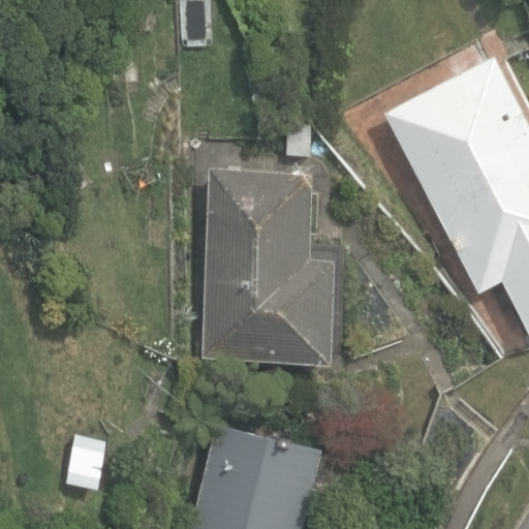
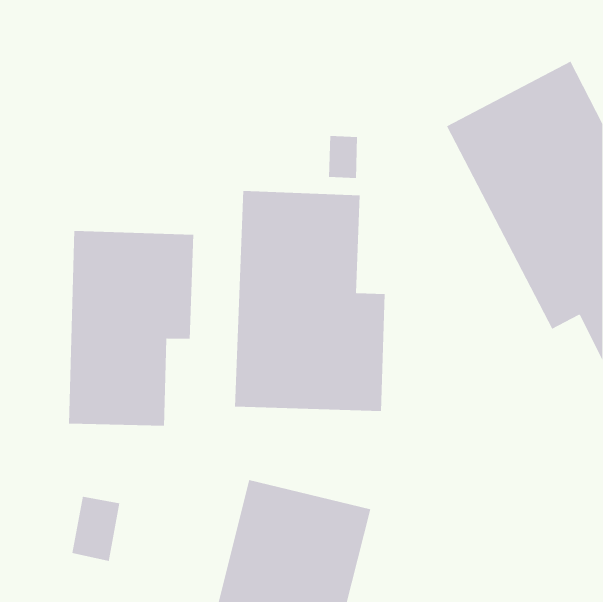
building: none -> [69,230,194,426]

